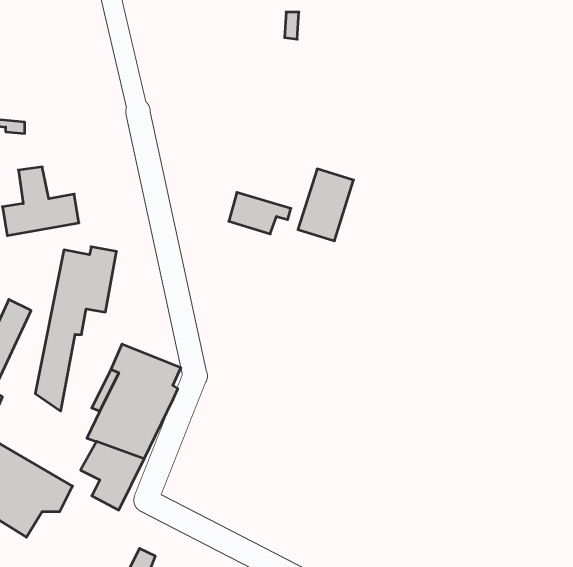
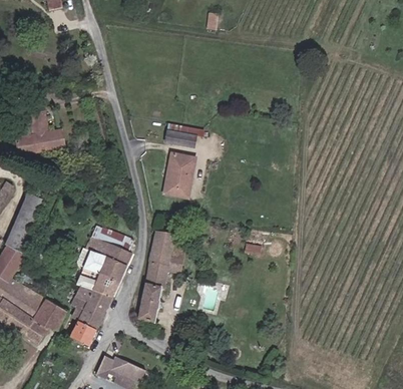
building: [298,169,354,241] -> [161,159,196,205]
building: [35,247,117,411] -> [137,232,188,335]
building: none -> [71,317,96,342]

